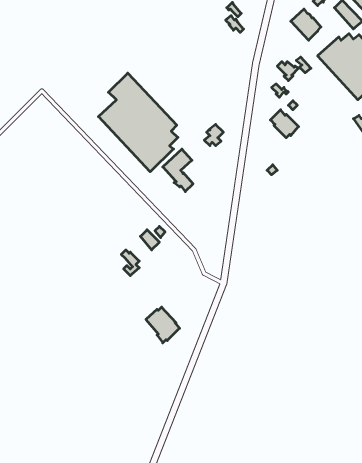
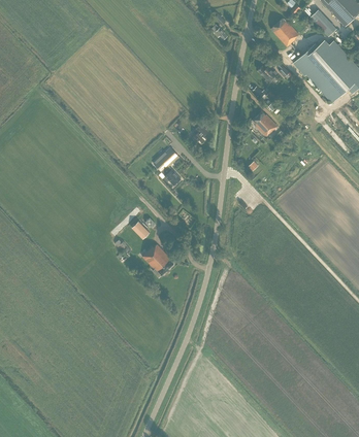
building: [98,73,178,172] -> none
building: [146,307,180,343] -> [141,243,172,276]

